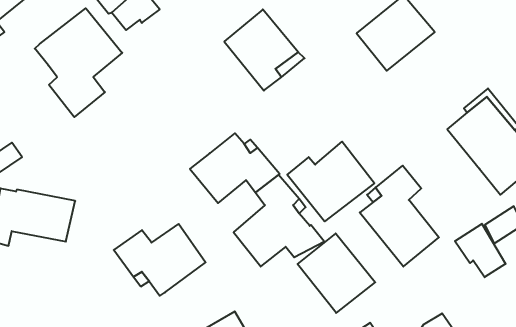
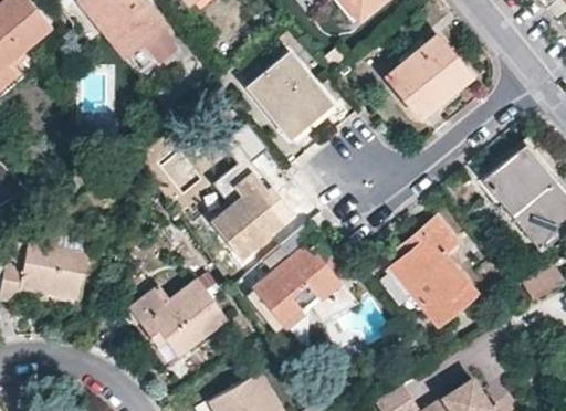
building: [35,8,122,117] -> none
building: [287,142,374,221] -> none
building: [455,224,506,277] -> none
building: [298,233,375,313] -> none

